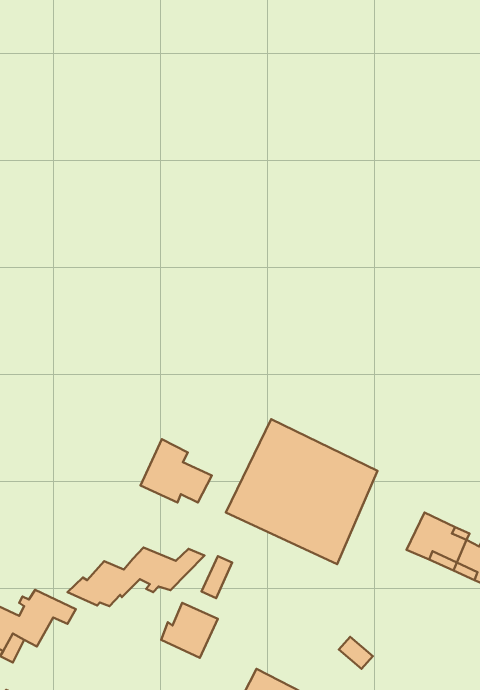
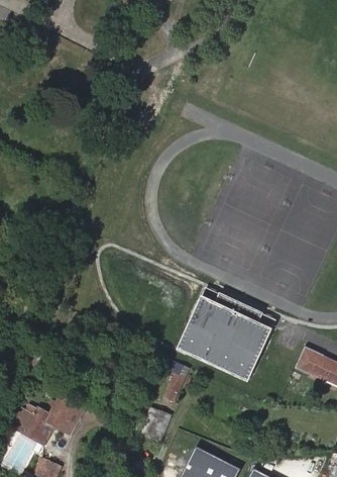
building: [141,439,212,503] -> none
building: [68,548,205,606] -> none

